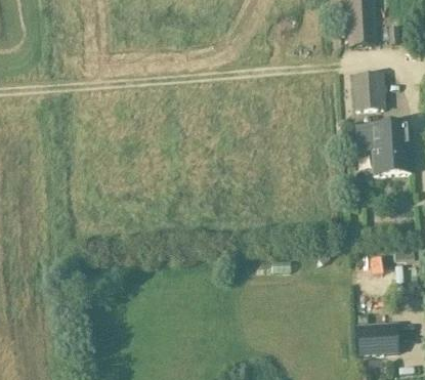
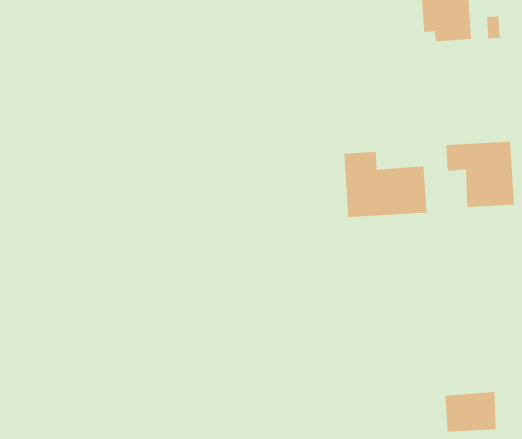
building: [350,71,384,110] -> none
building: none -> [344,151,427,218]

